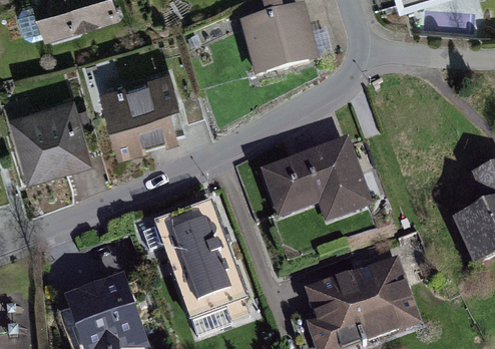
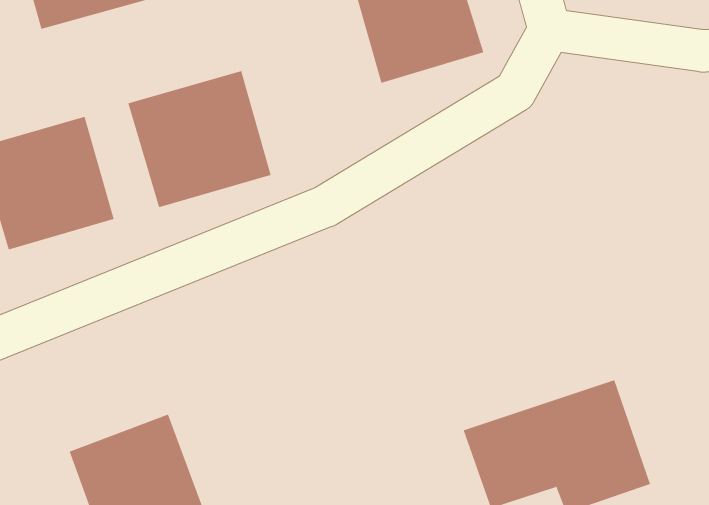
building: [260,140,371,221] -> none
building: [156,208,249,327] -> none

